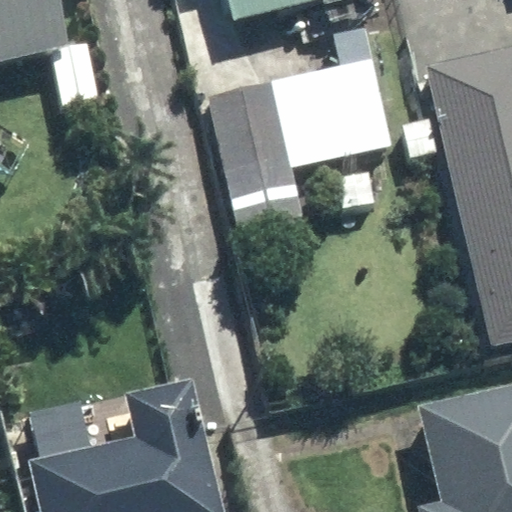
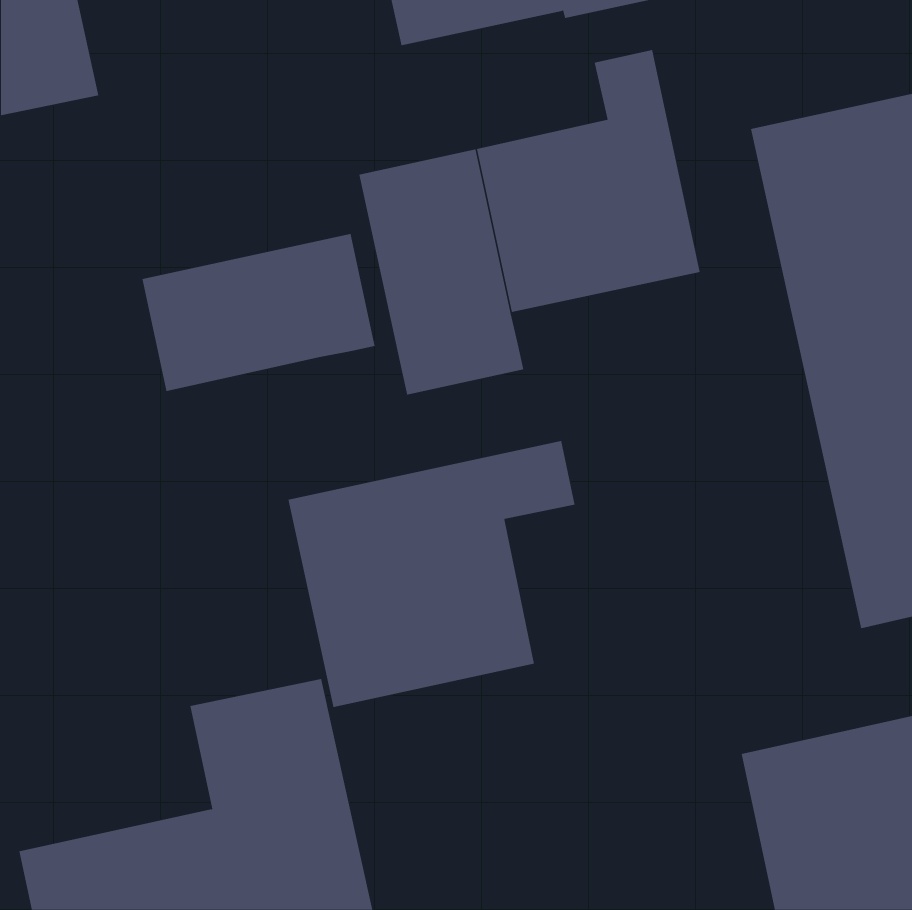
building: none -> [142,233,375,392]
building: none -> [288,440,575,708]

